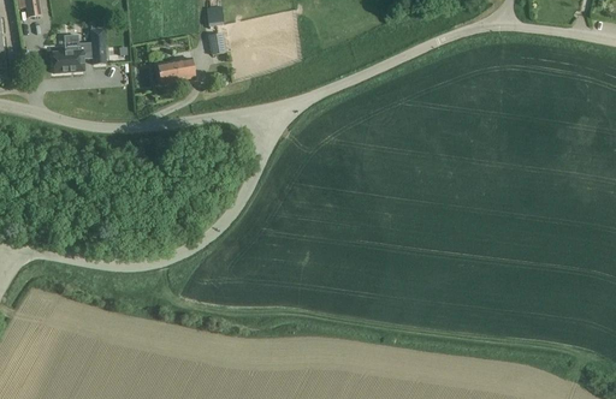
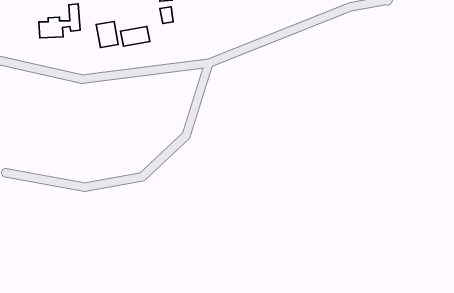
building: none -> [96,22,118,47]

